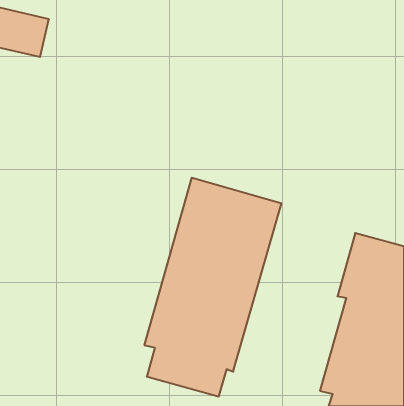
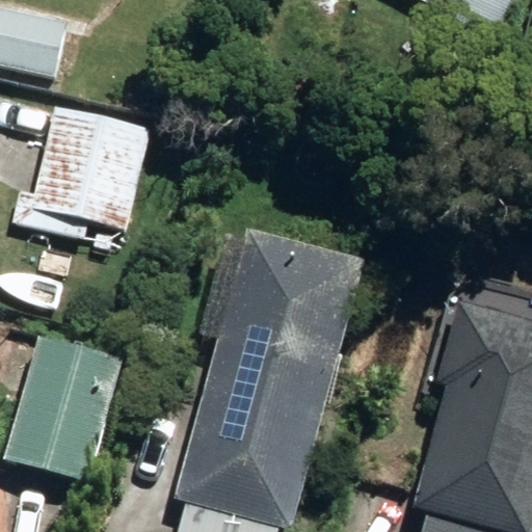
building: none -> [9,108,147,236]
building: none -> [5,337,121,480]

